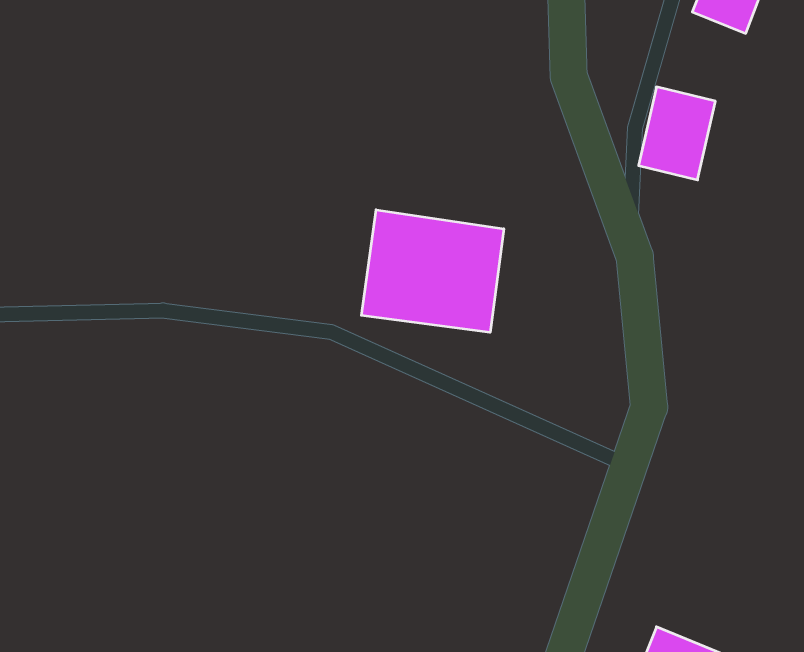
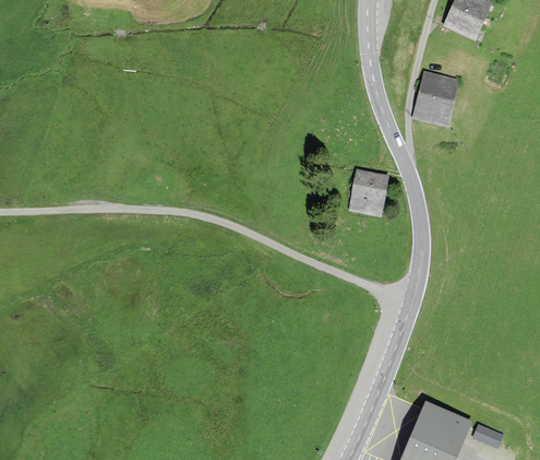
building: [361,210,504,332] -> none
building: none -> [351,166,388,210]

